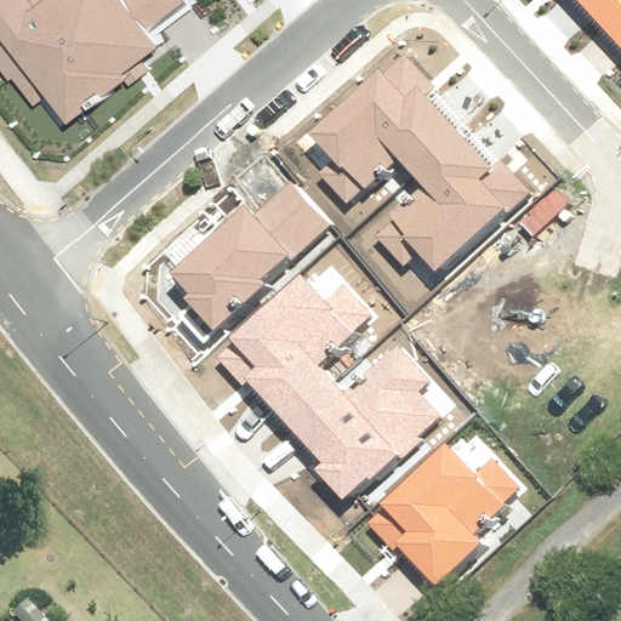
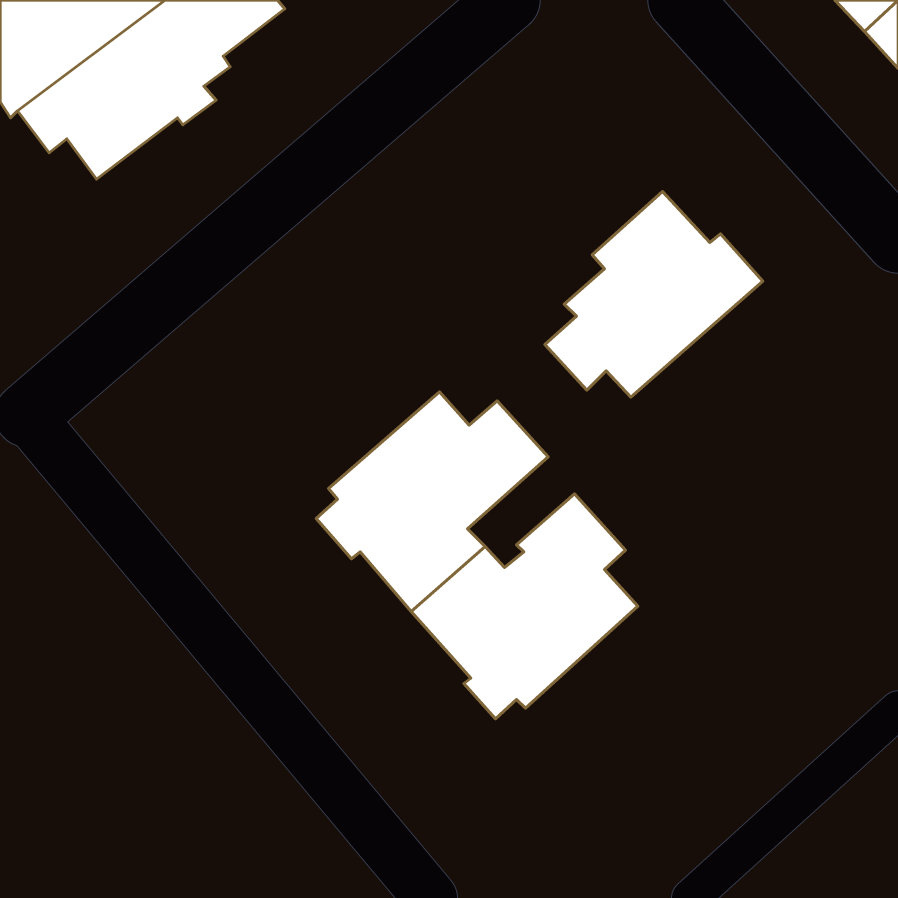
building: [307,55,457,205] -> none
building: [170,181,331,330] -> none
building: [368,439,520,585] -> none

